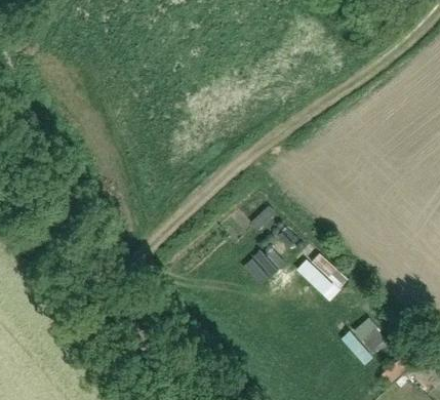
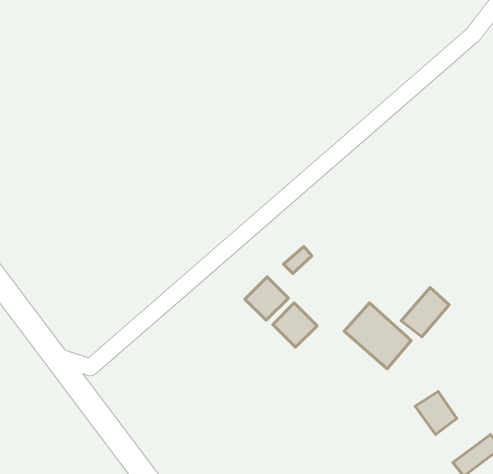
building: none -> [245,277,288,320]
building: none -> [401,287,449,337]

